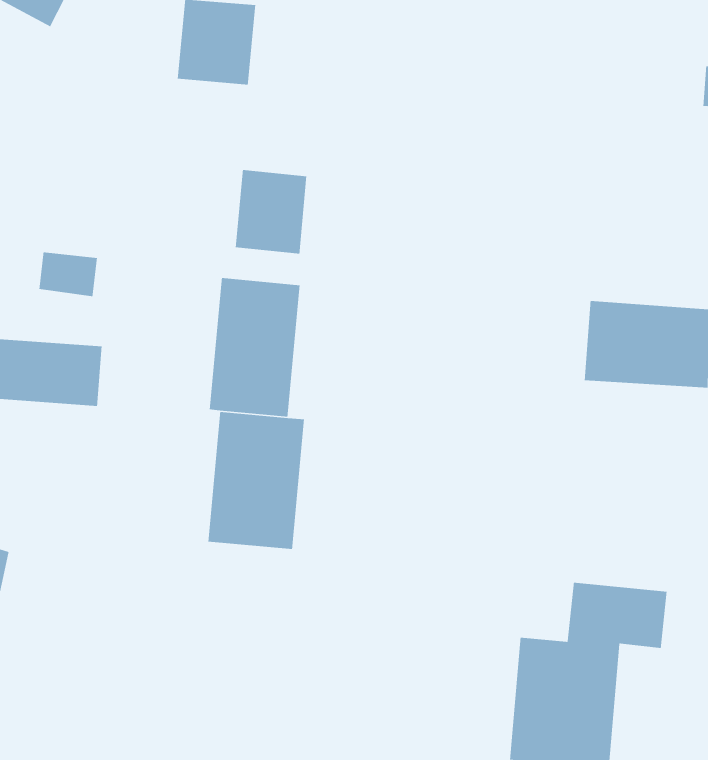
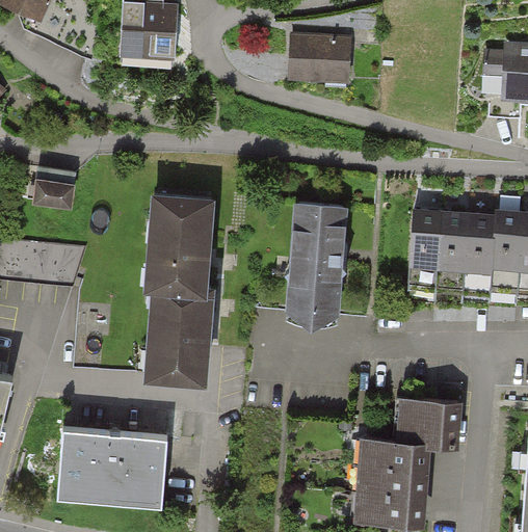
building: none -> [293,38,352,85]
building: [235,169,307,255] -> none
building: none -> [281,203,344,320]
building: none -> [62,432,168,506]

